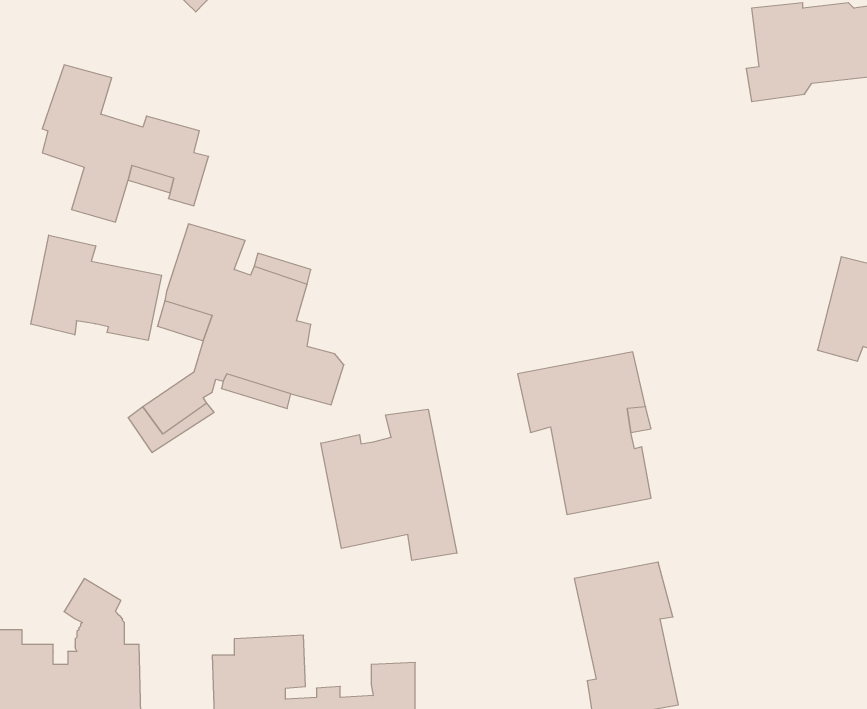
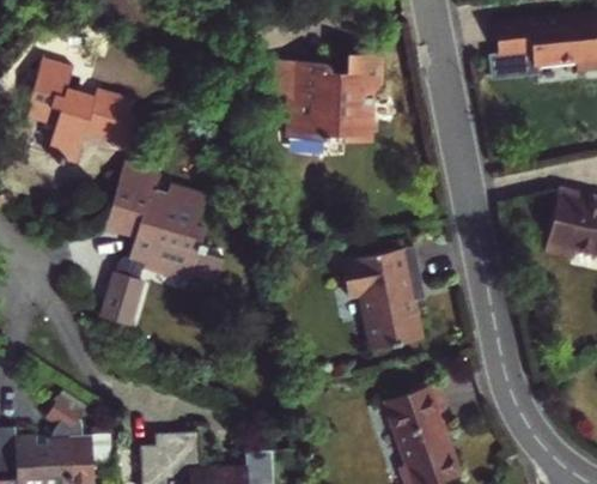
building: none -> [280,71,379,158]
building: [31,235,162,340] -> none
building: [321,409,457,560] -> none

